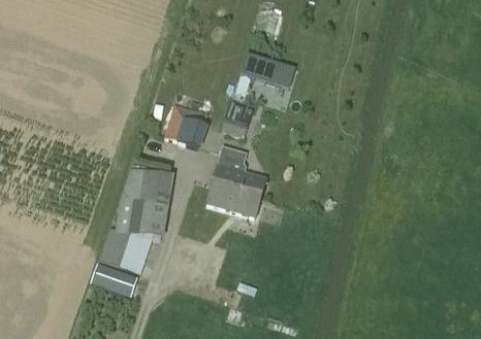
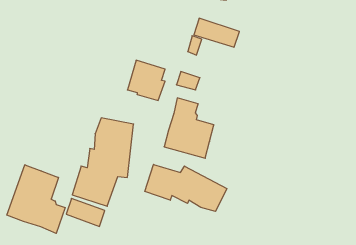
building: none -> [145,164,227,211]
building: none -> [7,165,65,233]

